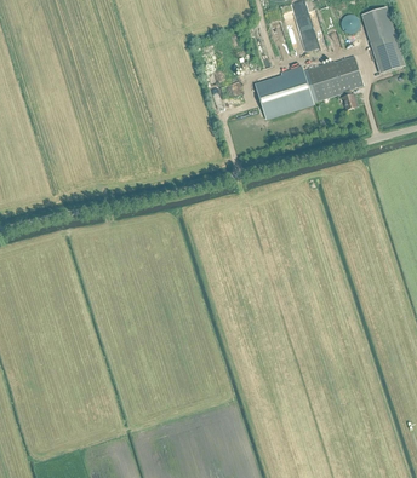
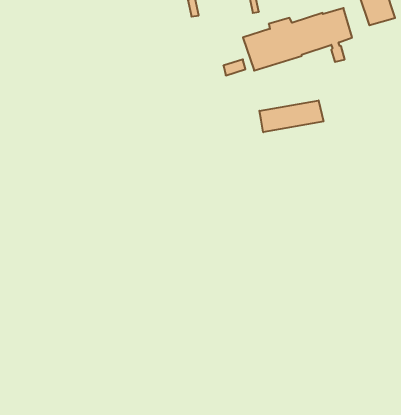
building: none -> [259,100,323,132]

